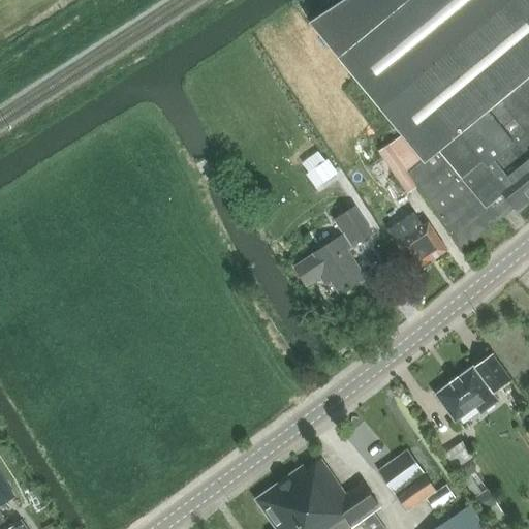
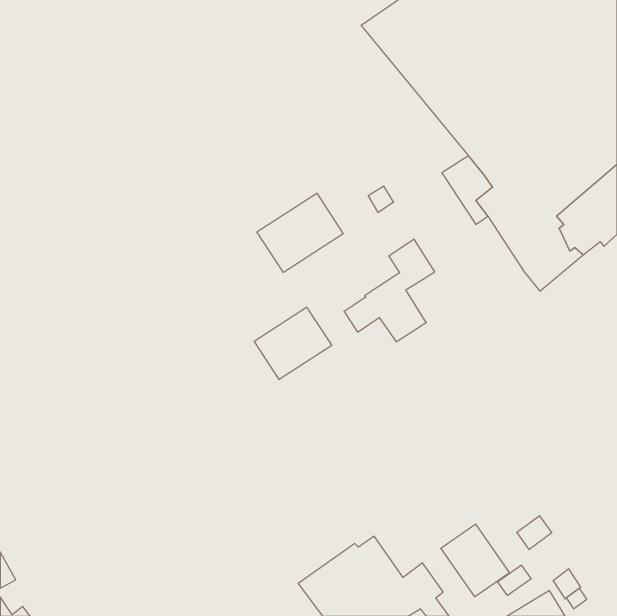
building: none -> [257,193,343,272]
building: [396,212,447,271] -> none
building: none -> [254,307,332,380]
building: [435,354,510,419] -> none

